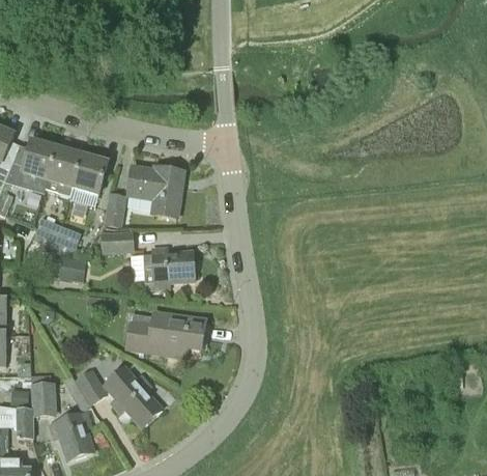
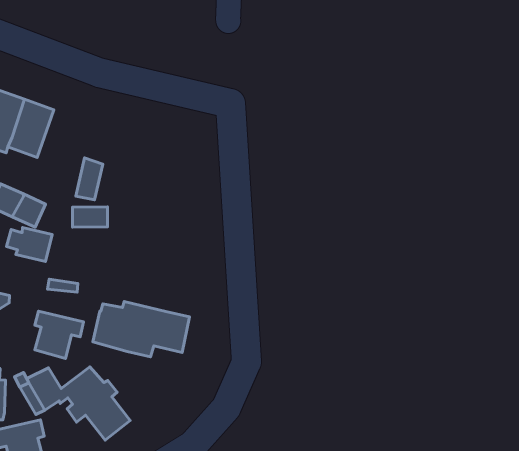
building: [70,155,108,201] -> none
building: [128,167,180,216] -> none
building: [143,248,194,287] -> none
building: none -> [35,311,83,359]

